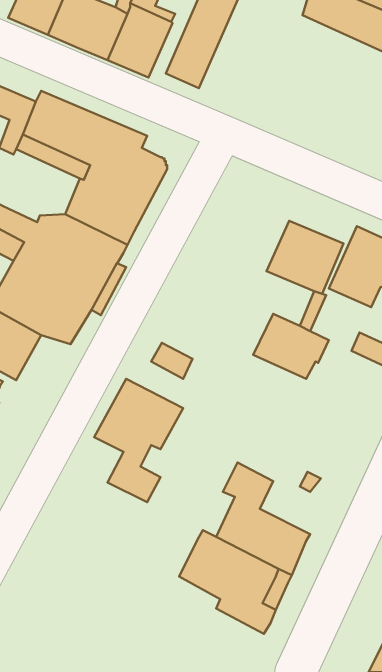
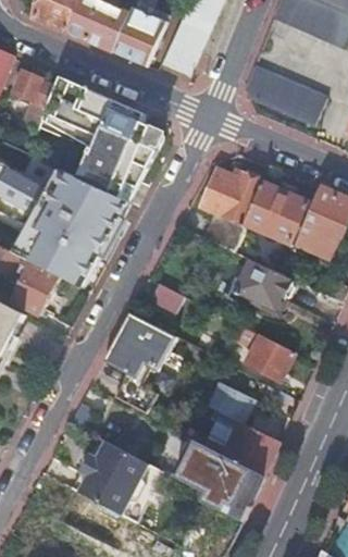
building: none -> [243,64,325,124]
building: none -> [199,166,261,249]
building: none -> [233,324,293,381]
building: none -> [75,438,147,515]

